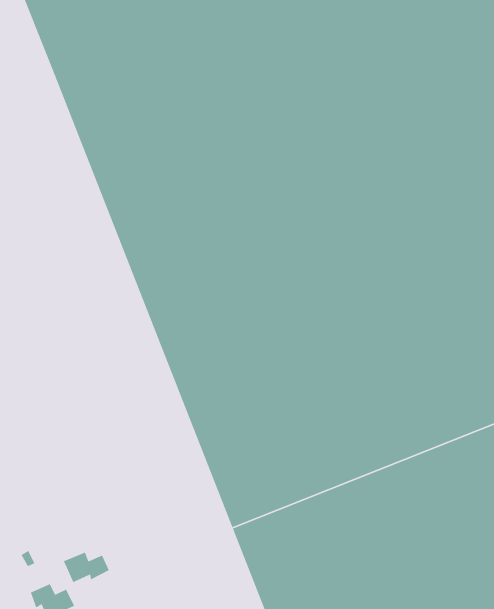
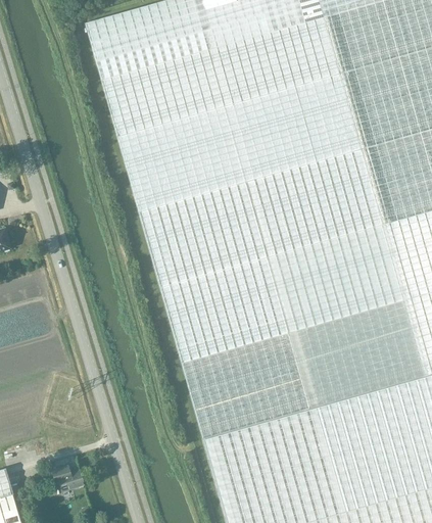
building: [63,552,110,583] -> none

